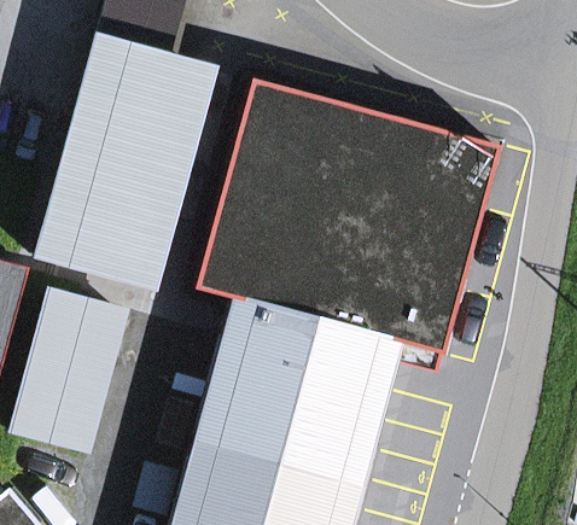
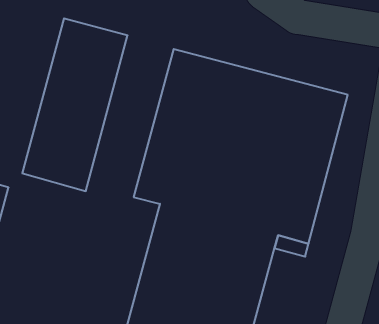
building: [11,290,121,451] -> none

